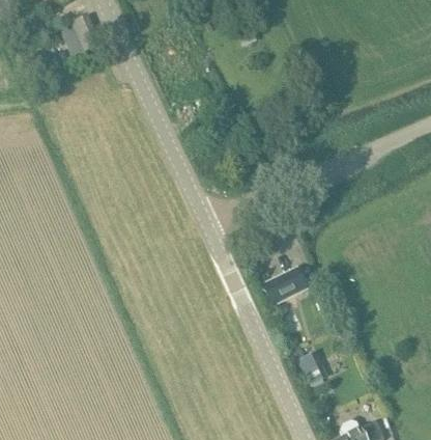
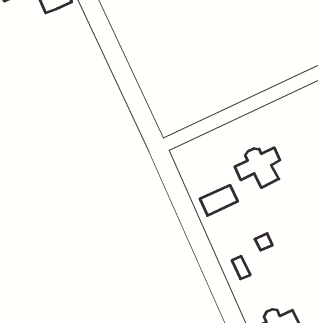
building: none -> [235,148,280,188]

